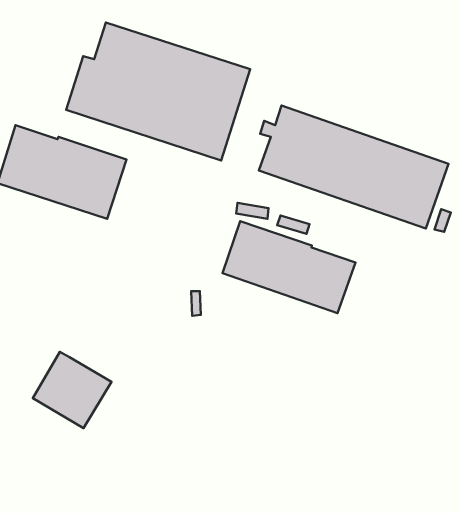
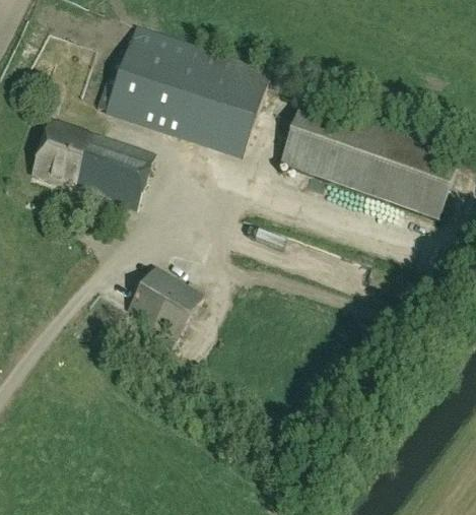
building: [222,221,356,313] -> none
building: [33,352,112,428] -> [127,267,201,339]

